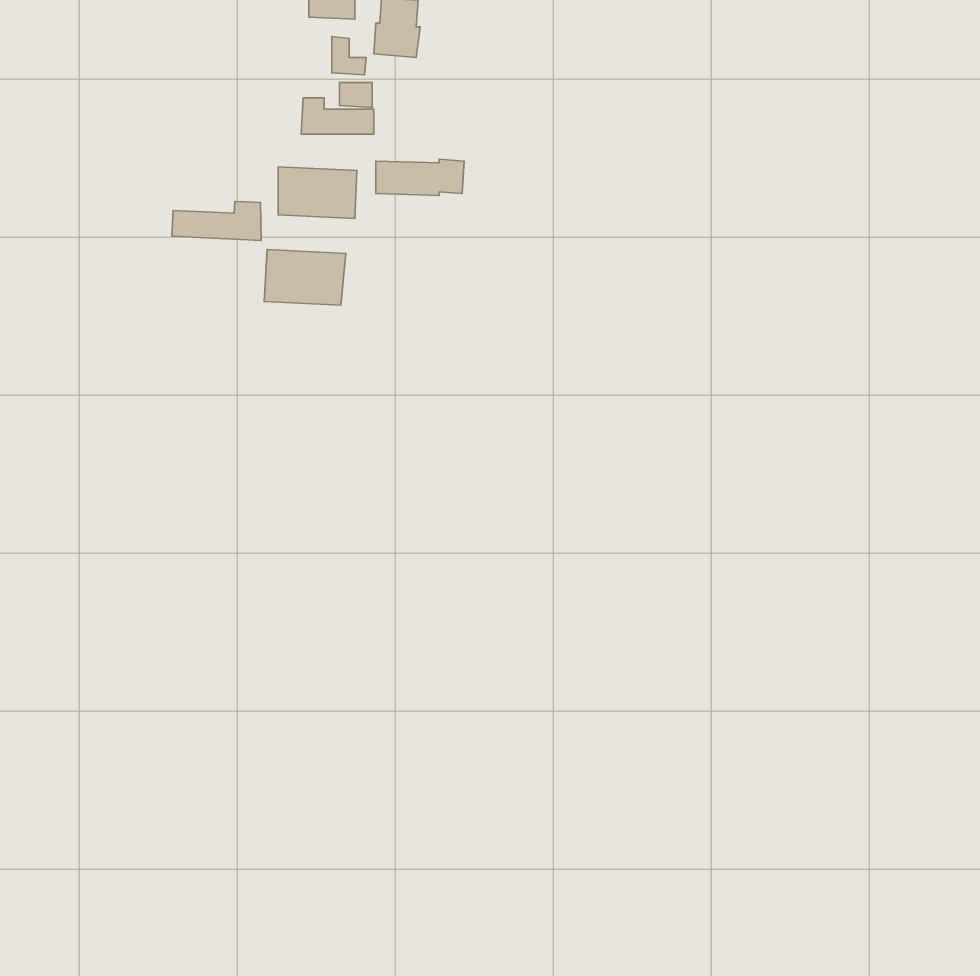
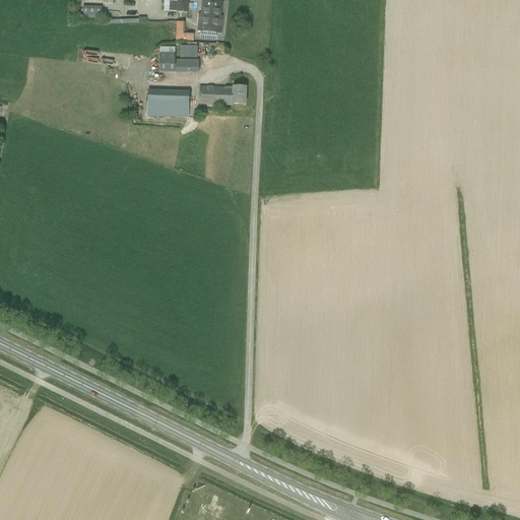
building: [172,201,261,241] -> none
building: [264,250,346,305] -> none

